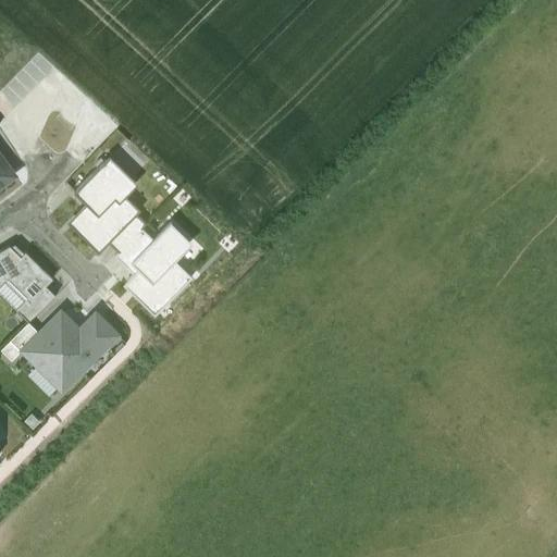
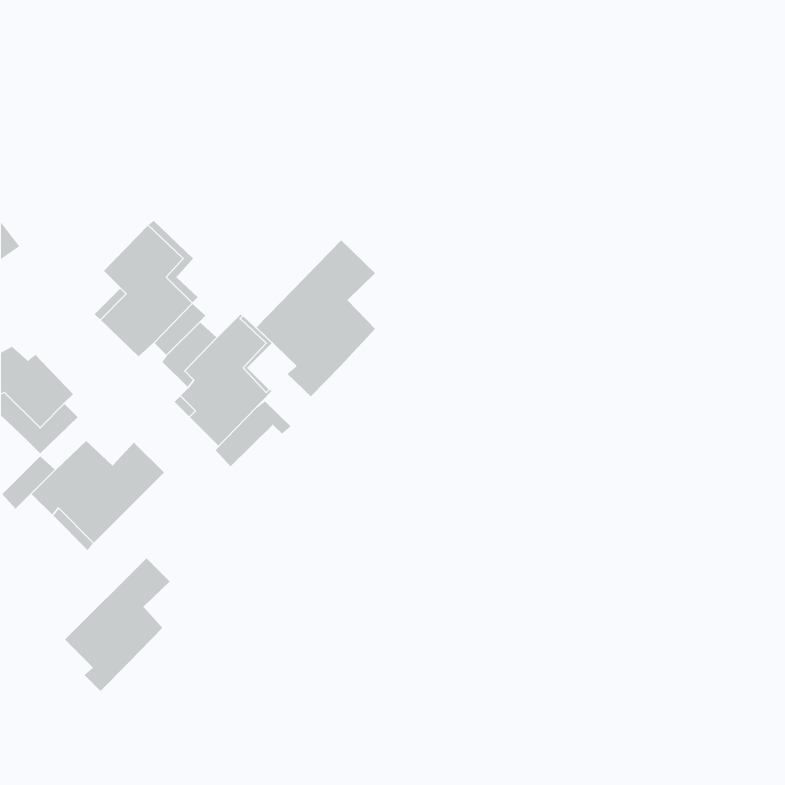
building: none -> [256,240,376,397]
building: none -> [215,400,292,467]
building: none -> [64,557,171,692]

